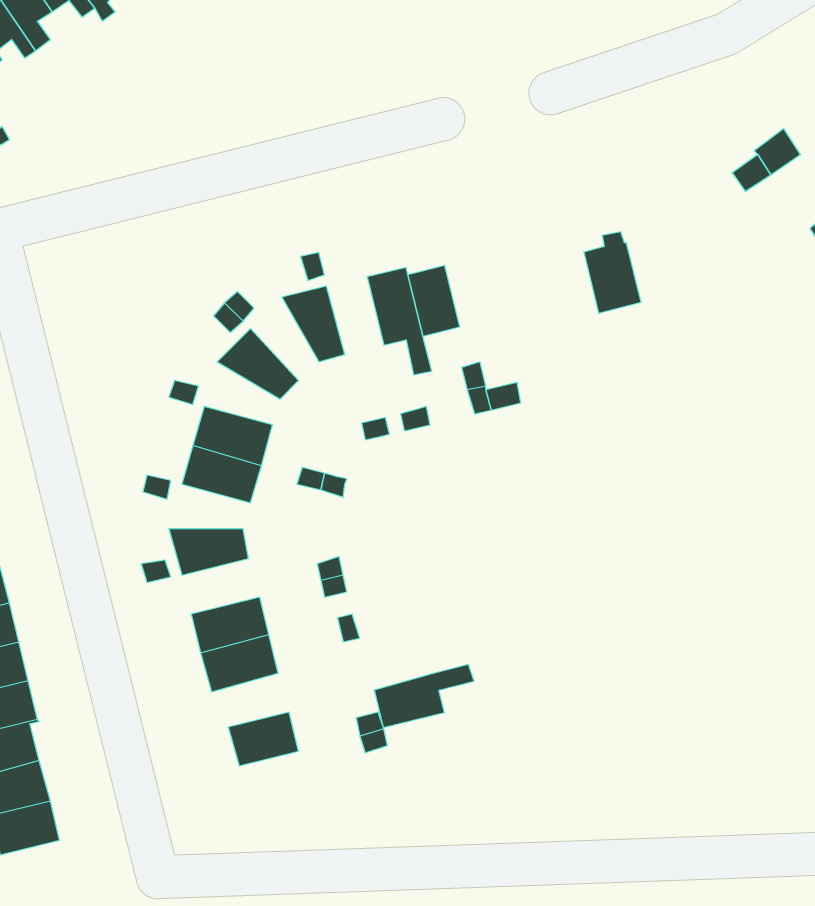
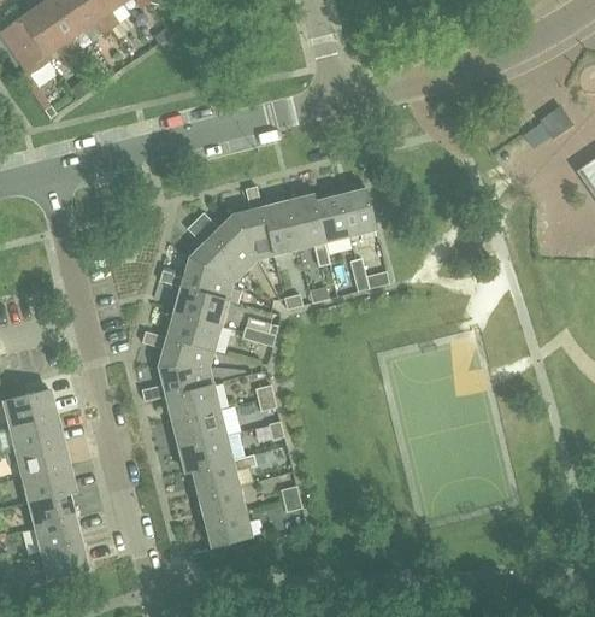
building: [584,232,641,313] -> [338,182,376,235]
building: none -> [261,202,299,253]
building: none -> [212,216,257,270]
building: none -> [182,258,231,299]
building: none -> [159,337,212,366]
building: none -> [167,386,218,422]
building: [374,664,474,727] -> [192,454,257,495]
building: none -> [205,511,249,547]

